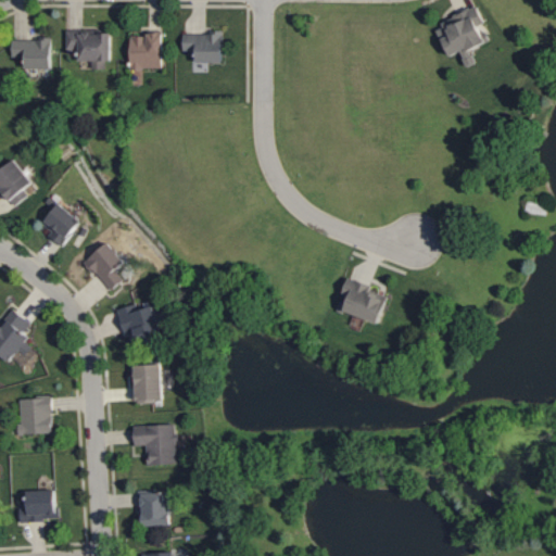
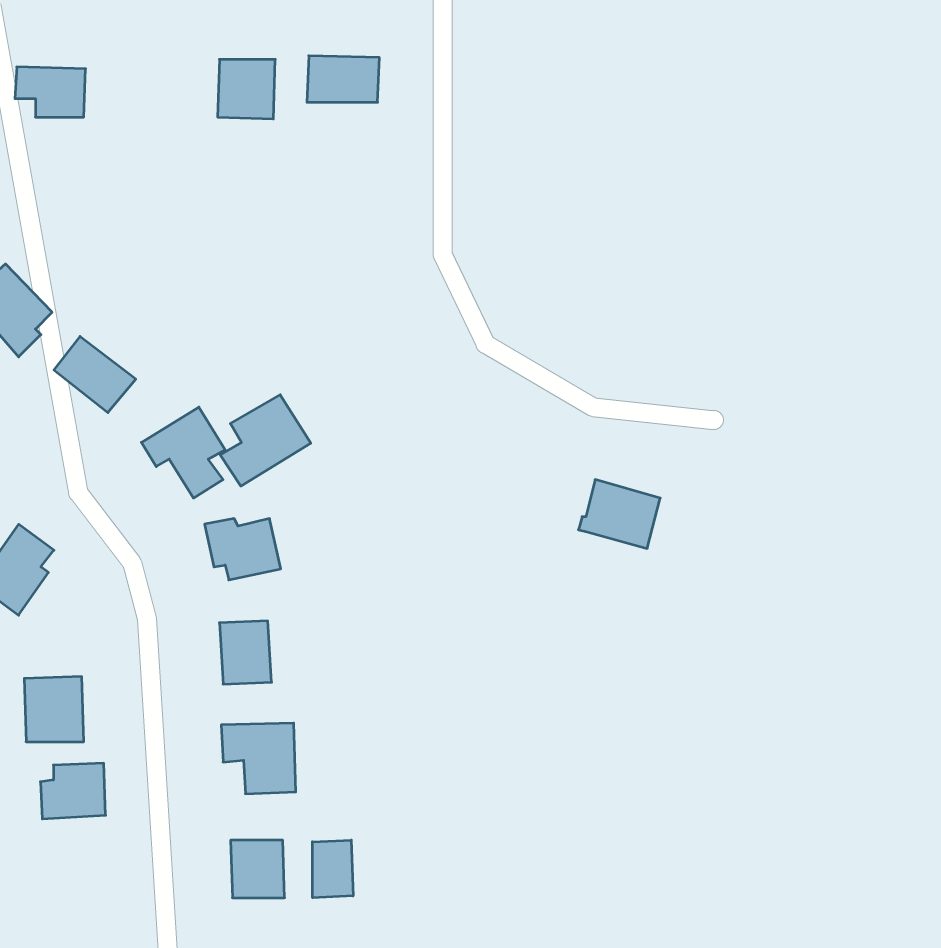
building: [433,8,486,68] -> none
building: [63,33,110,64] -> none
building: none -> [220,395,311,486]
building: [14,490,52,522] -> [40,763,106,819]
building: none -> [312,840,353,898]

